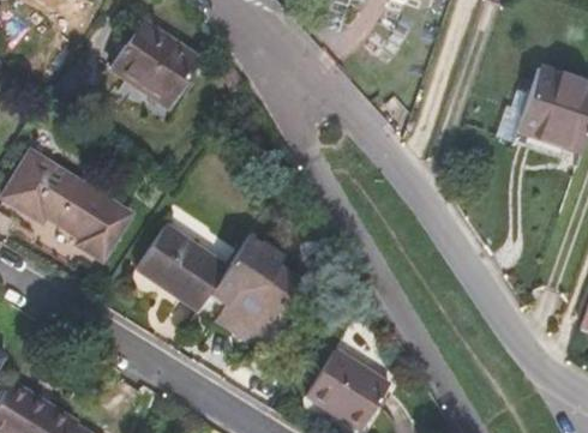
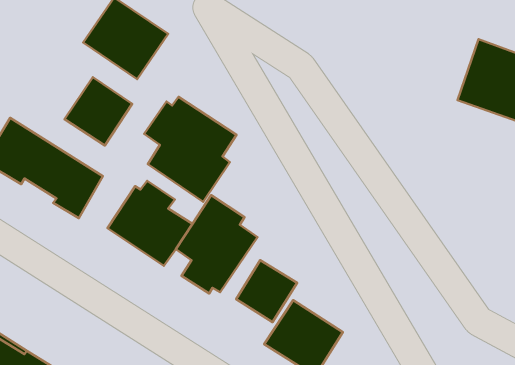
building: none -> [65,77,132,145]
building: none -> [144,97,237,202]
building: none -> [236,260,297,322]

